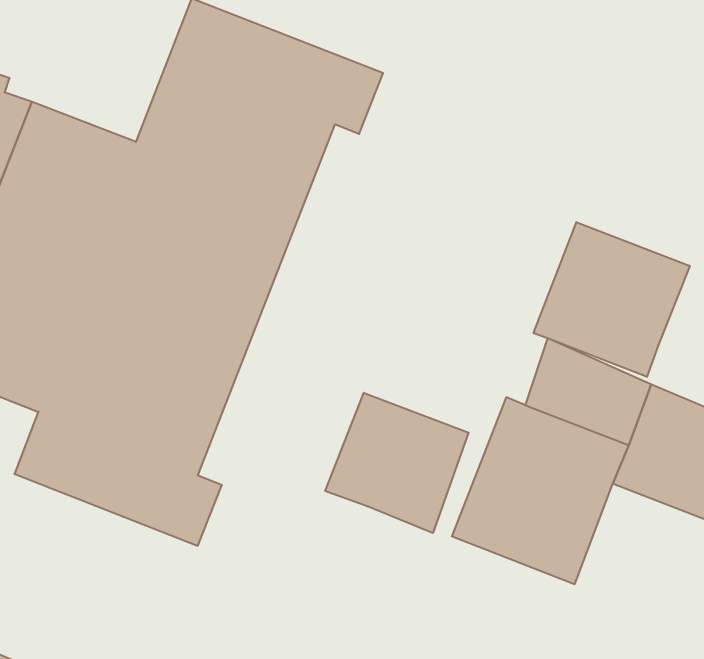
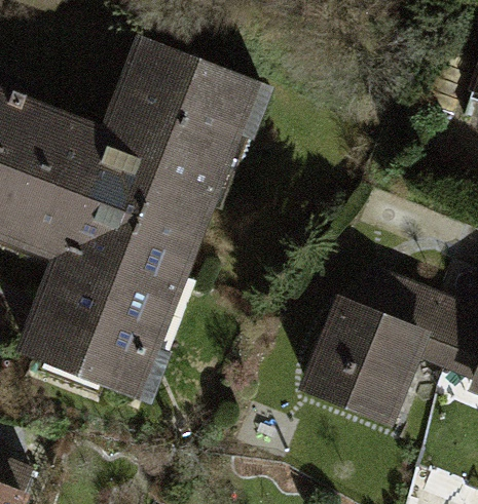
building: [534,222,690,377] -> none
building: [325,393,469,533] -> none

